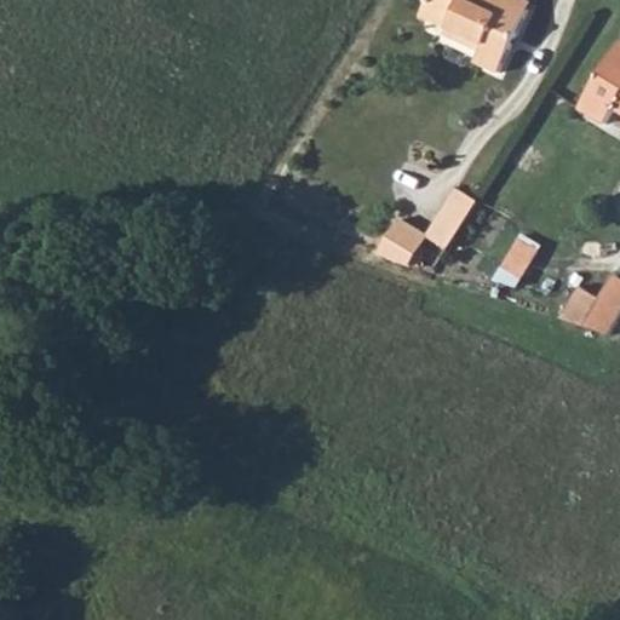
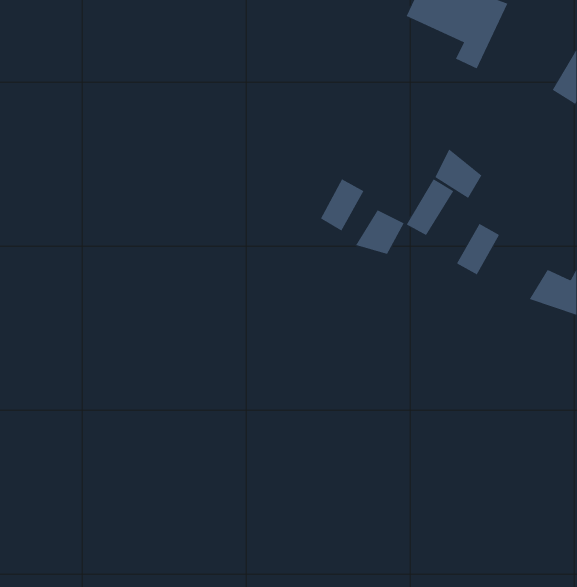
building: none -> [435,148,482,199]
building: none -> [320,179,364,231]

